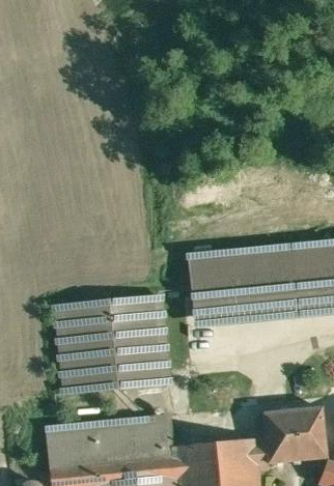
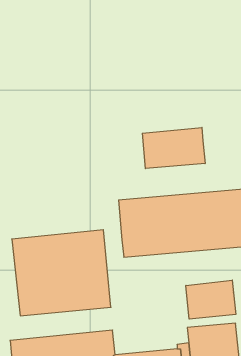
building: none -> [142,127,205,169]
building: none -> [186,280,236,319]

